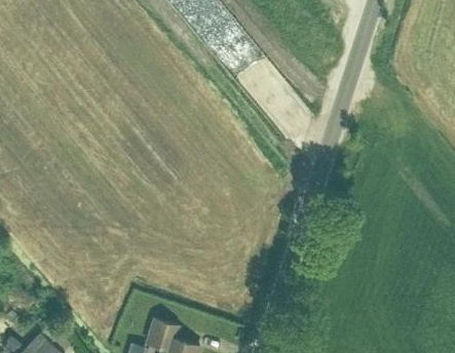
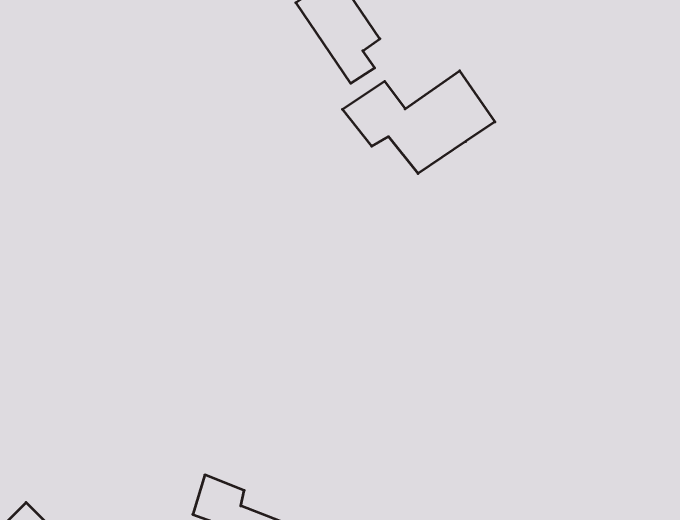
building: none -> [342,71,495,174]

